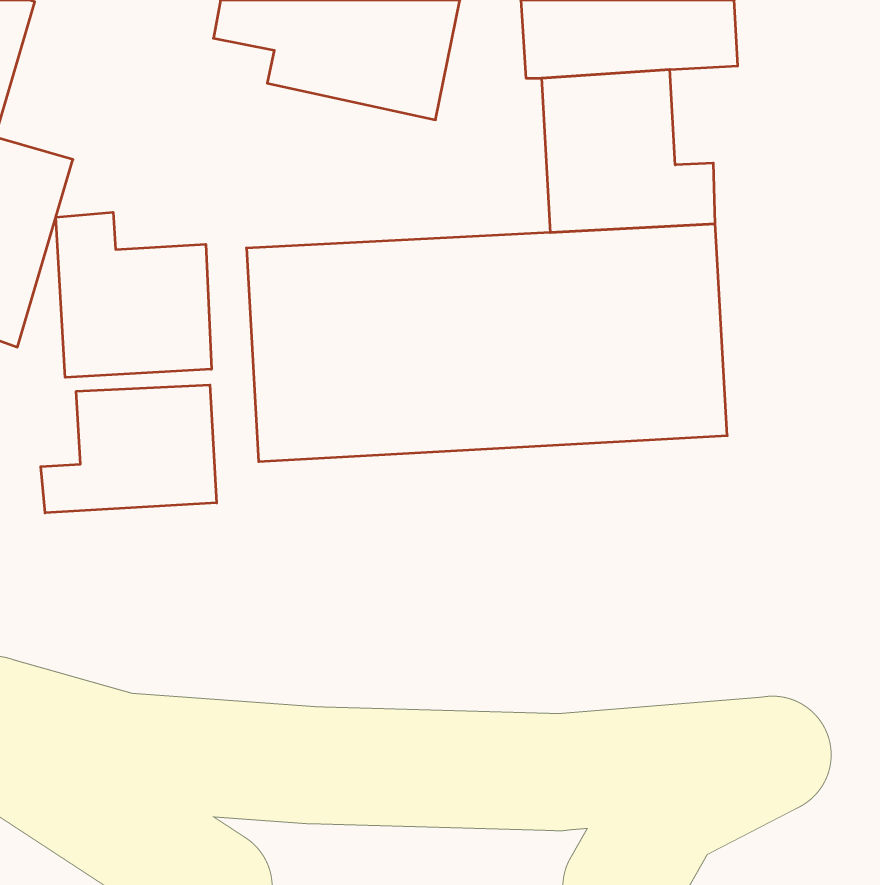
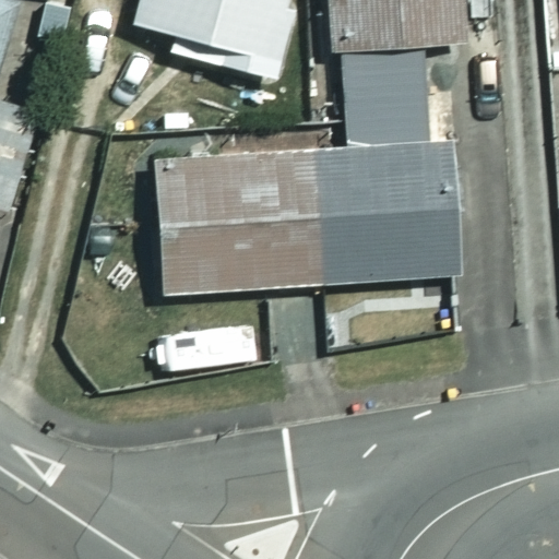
building: [56,212,211,377] -> none
building: [41,385,217,513] -> none

